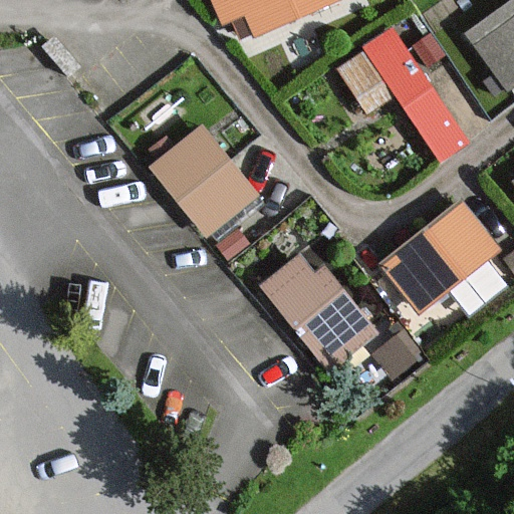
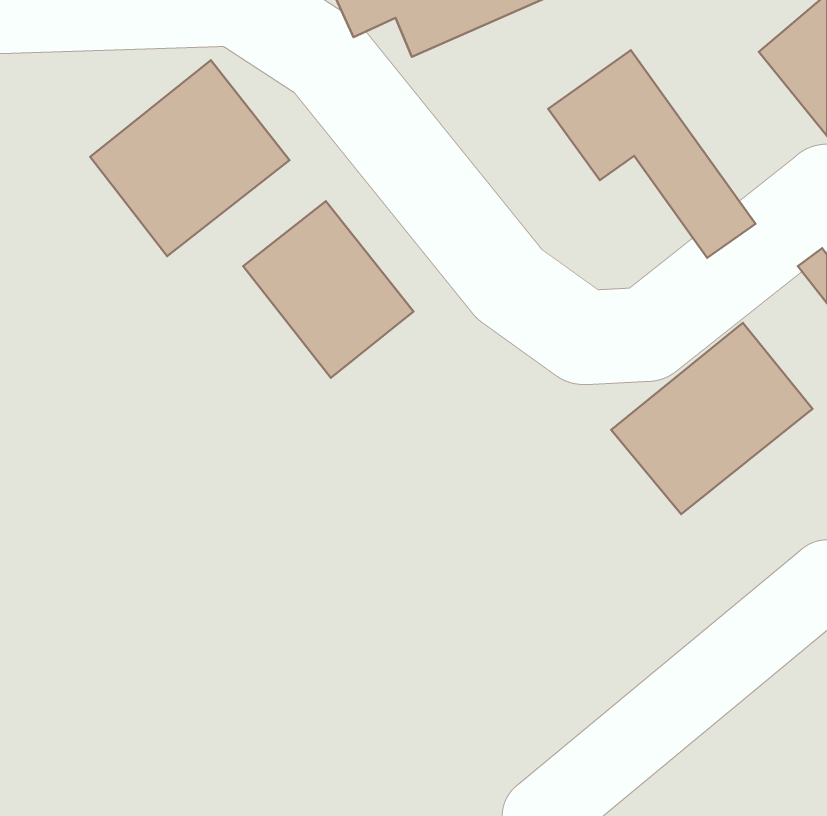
building: none -> [90,60,290,256]
building: [258,253,381,375] -> none

